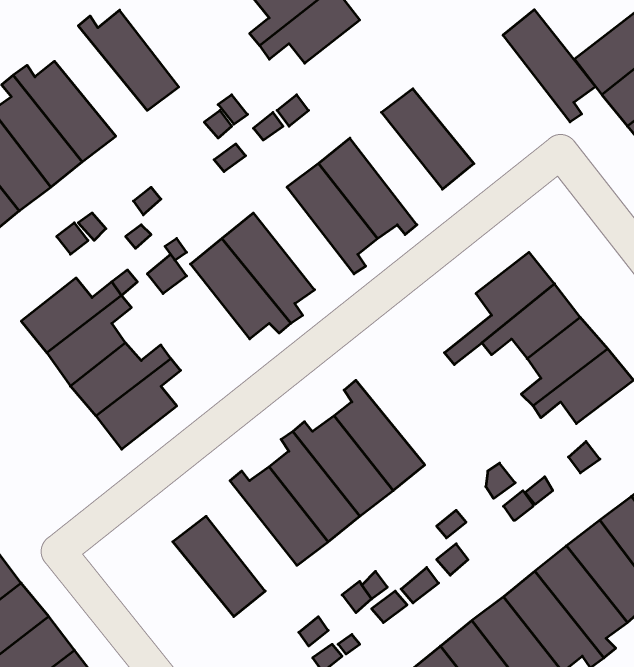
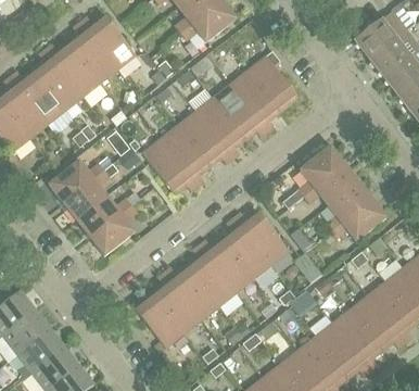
building: [503,10,595,122] -> [231,68,282,130]
building: none -> [68,21,119,81]
building: none -> [178,110,233,166]
building: none -> [234,209,290,263]
building: none -> [152,272,202,332]

